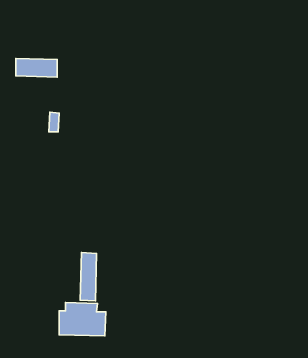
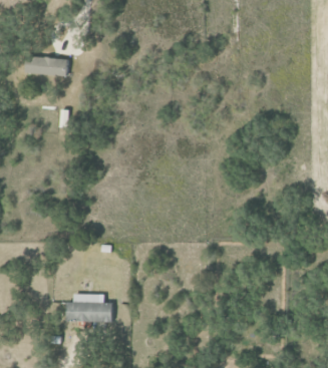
building: [80,253,97,301] -> none

